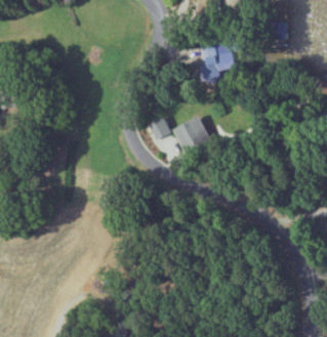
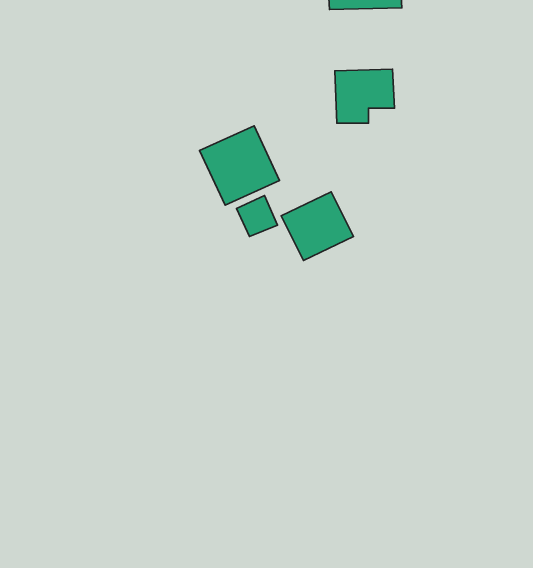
building: none -> [200,126,280,205]

